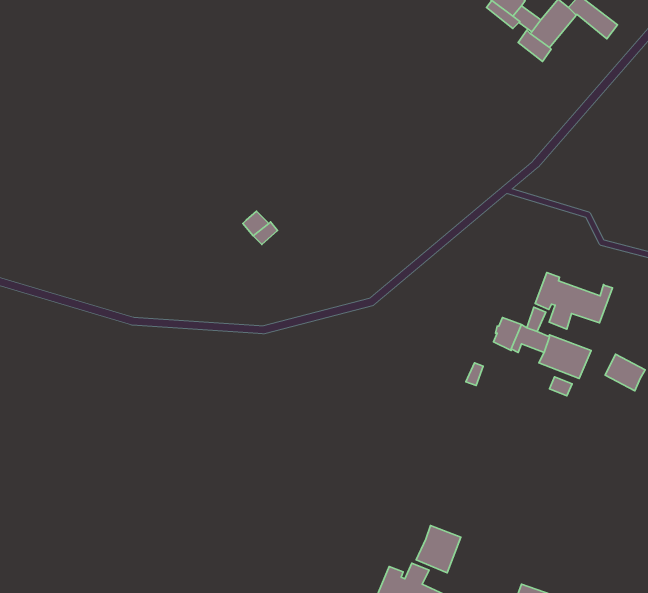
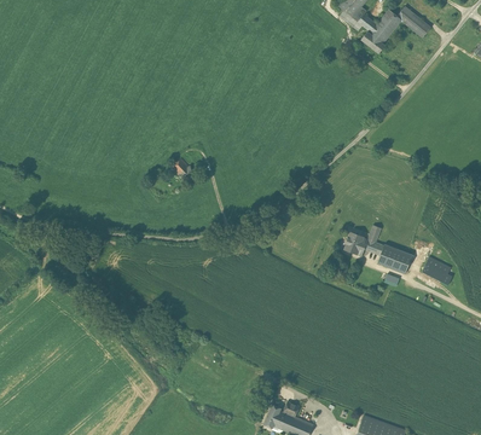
building: [535,272,613,329] -> none
building: [416,525,461,573] -> none

